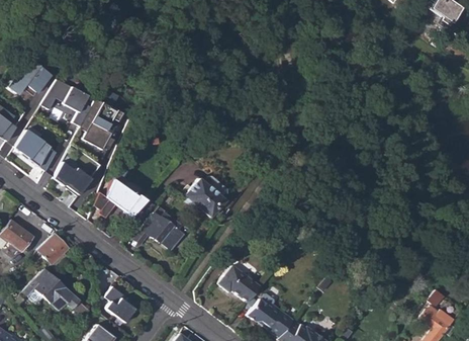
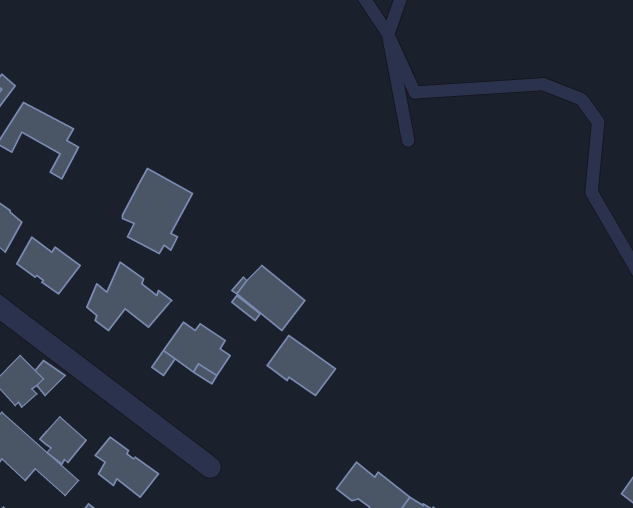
building: [81,98,123,150] -> [122,169,192,254]
building: [218,265,260,302] -> [267,335,335,395]
building: none -> [40,417,86,464]

